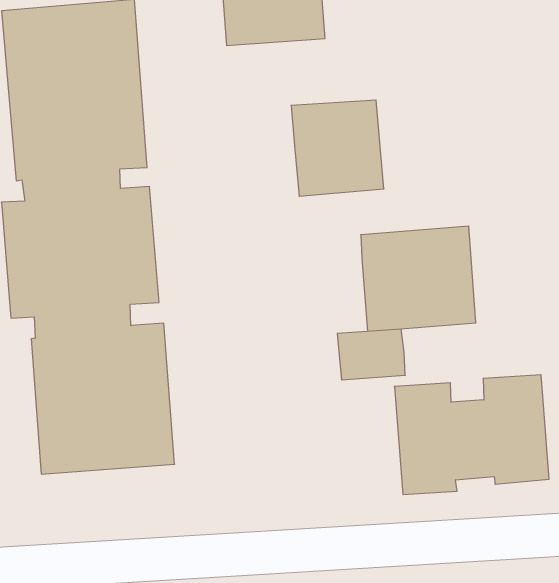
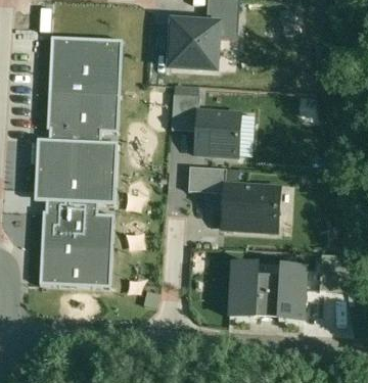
building: none -> [172,93,197,128]
building: [337,329,405,380] -> [189,164,224,191]

